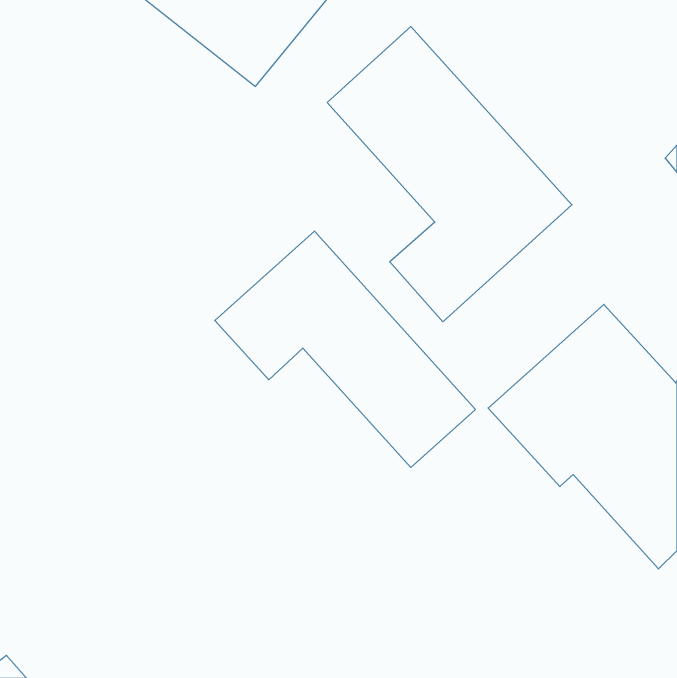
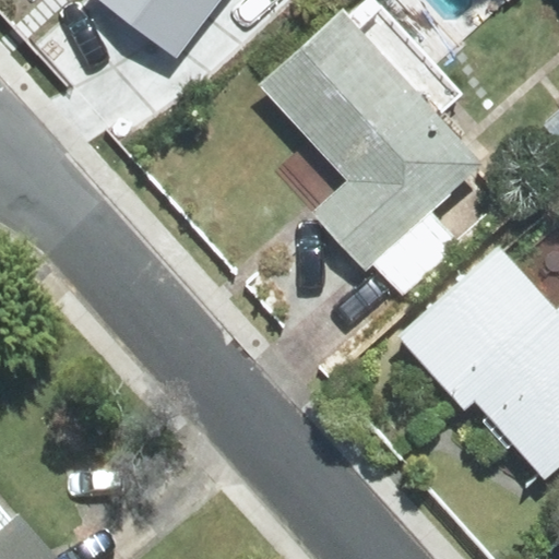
building: [215,231,475,467] -> none

